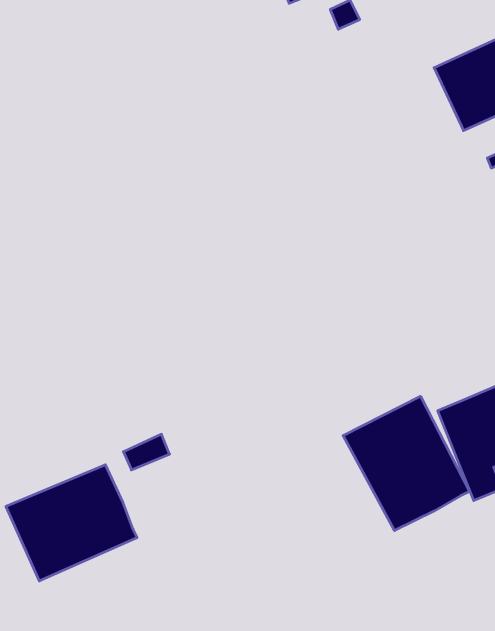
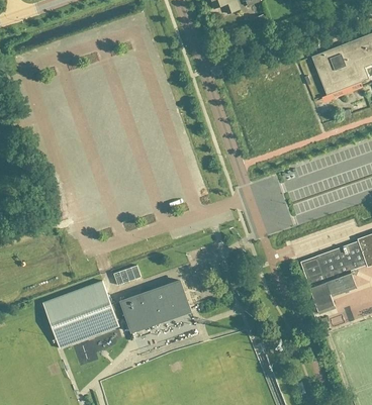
building: [343,396,469,531] -> none
building: none -> [111,280,190,333]

